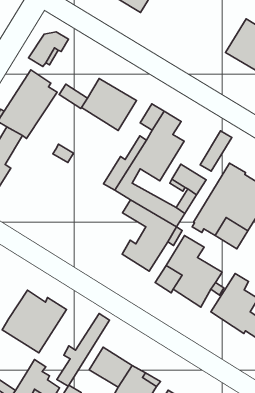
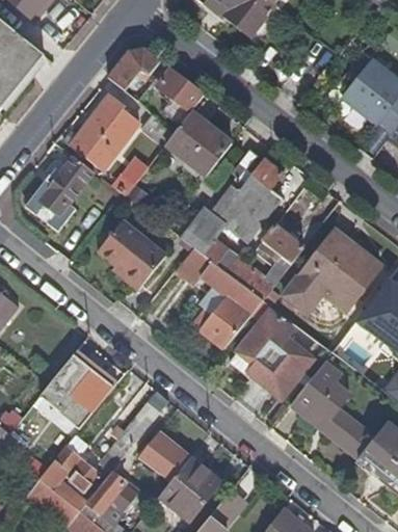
building: none -> [156,69,202,111]
building: none -> [97,219,165,285]

